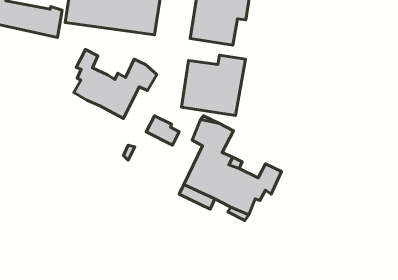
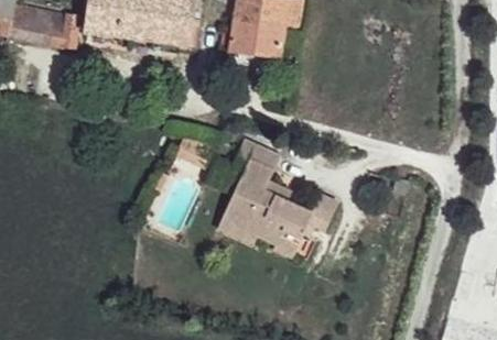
building: [74,49,157,118] -> none
building: [181,55,246,115] -> none

